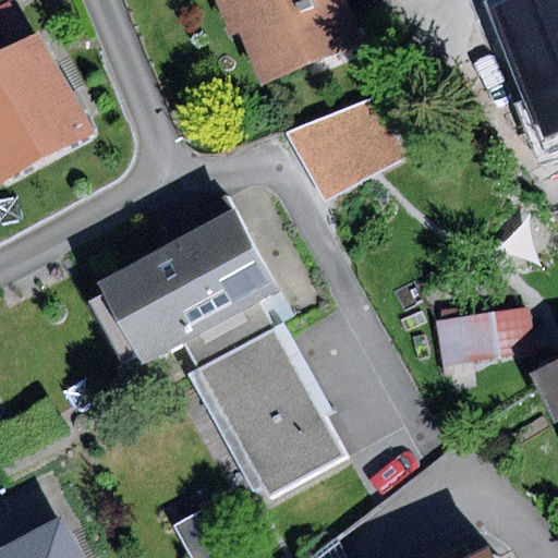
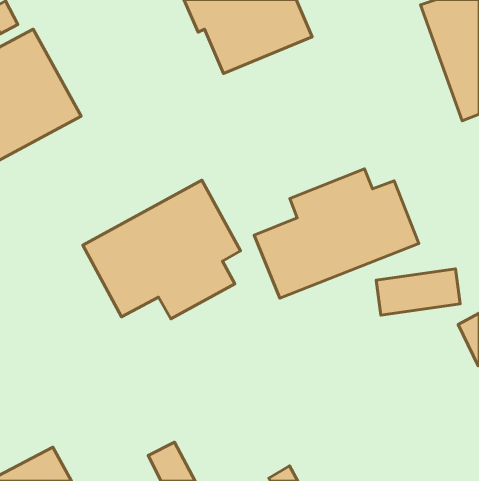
building: [295,84,416,189] -> none
building: none -> [254,169,419,298]
building: [197,328,340,496] -> none

